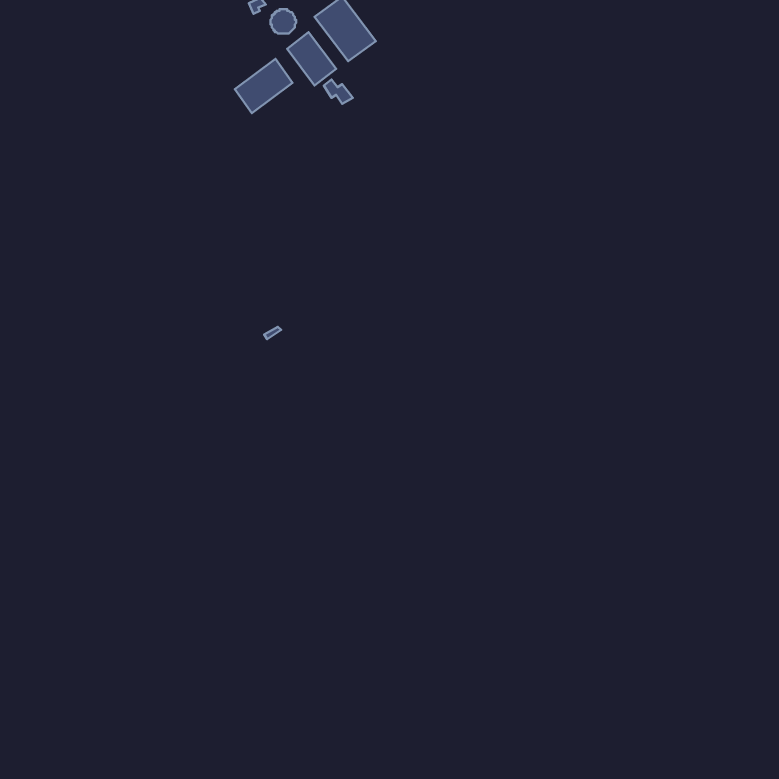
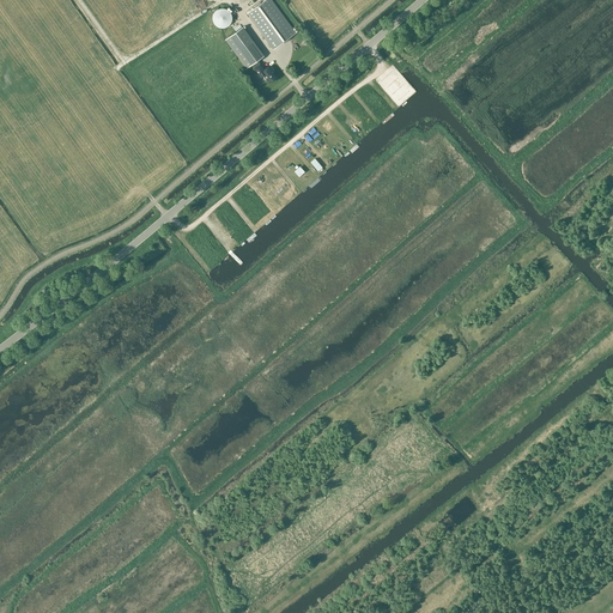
building: [235,59,292,113] -> none

